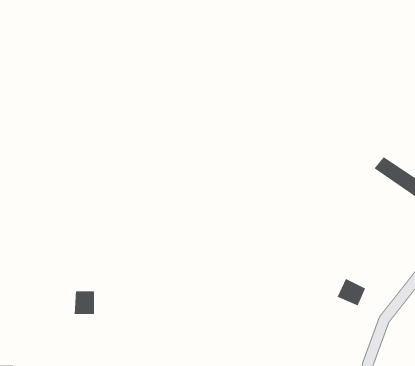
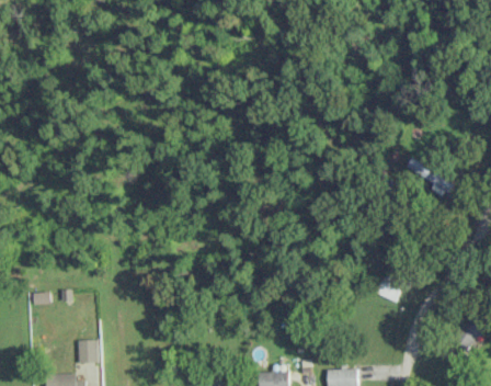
building: [74,290,95,315] -> [77,340,96,364]

